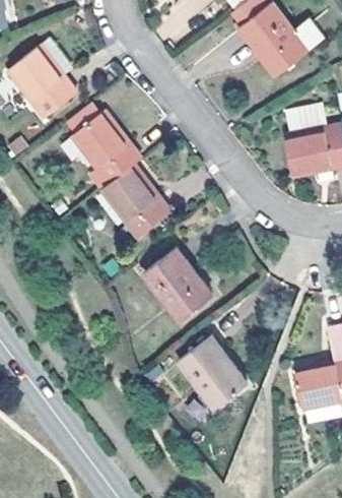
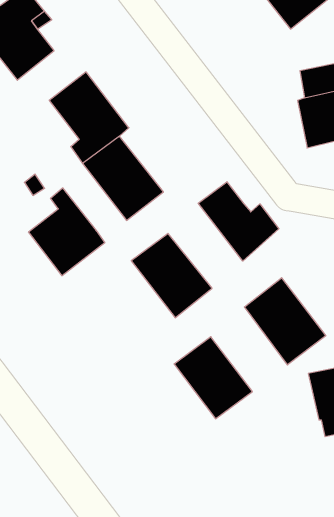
building: none -> [198,182,279,261]
building: none -> [29,188,105,276]
building: none -> [244,278,326,365]

